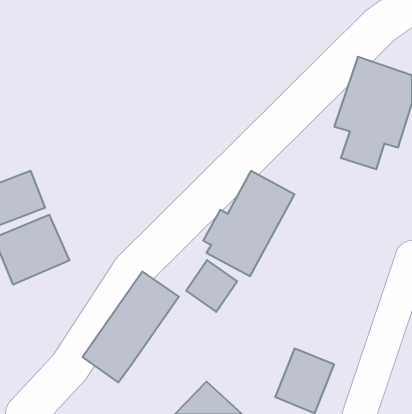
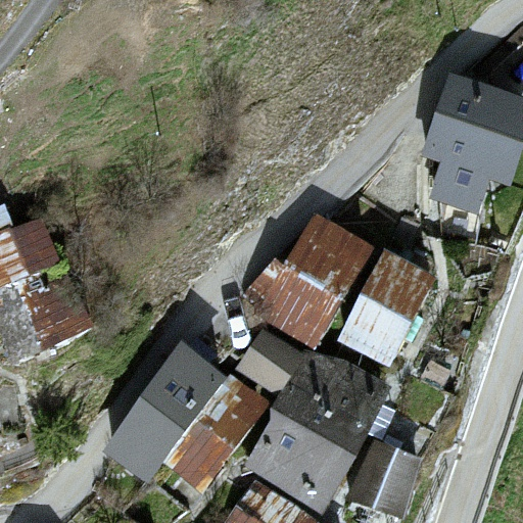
building: none -> [335,249,435,368]
building: none -> [244,352,386,508]
building: none -> [163,371,269,491]

